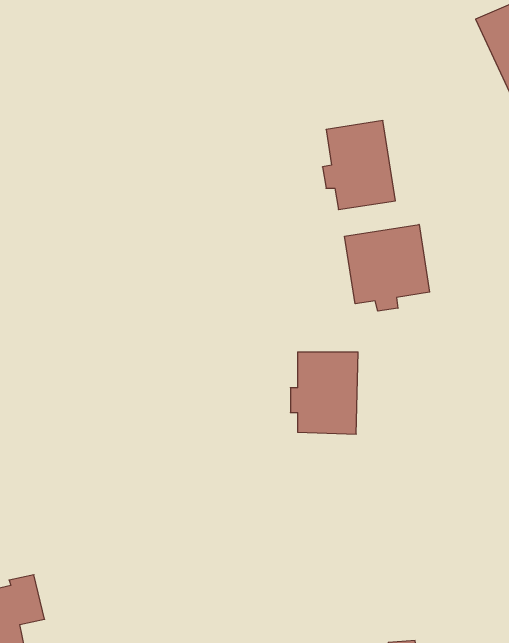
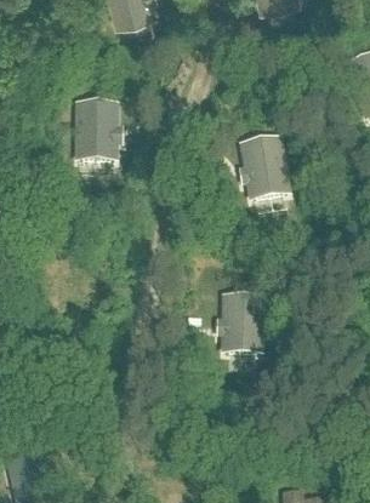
building: none -> [76,101,123,156]
building: [345,224,430,311] -> none

